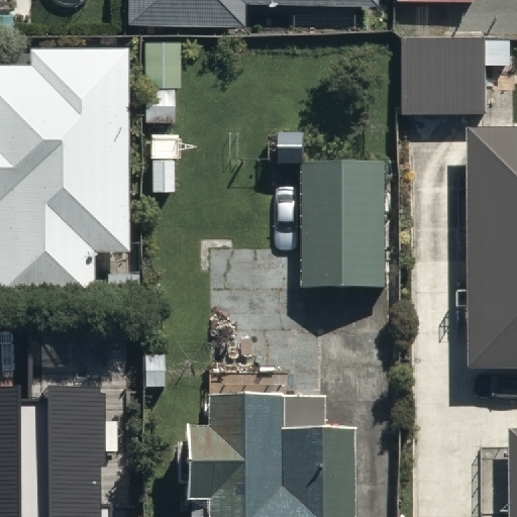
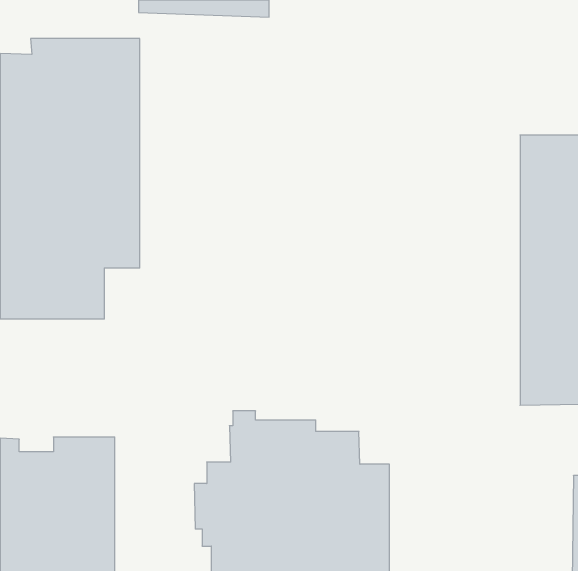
building: [404,38,493,114] -> none
building: [279,132,390,296] -> none

